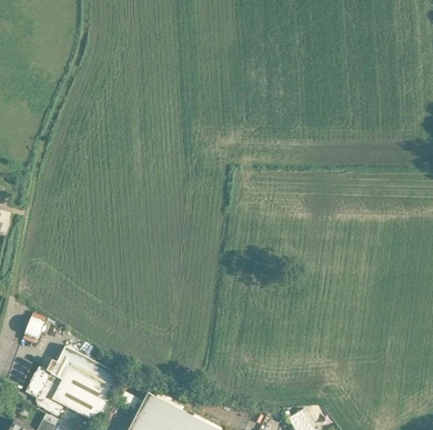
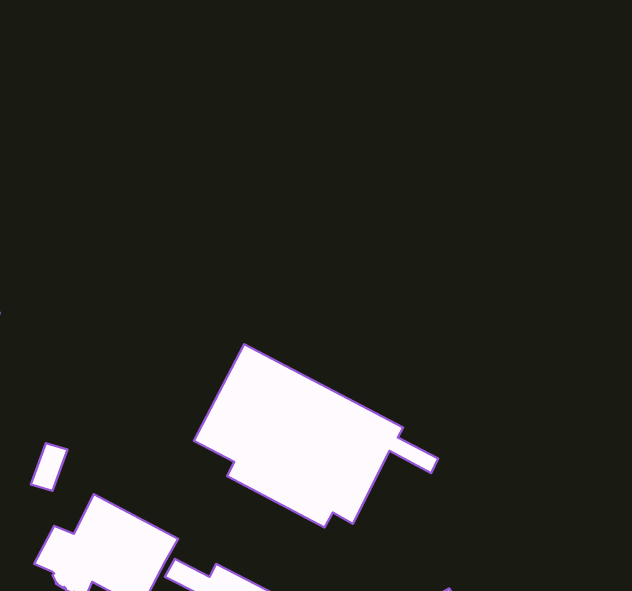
building: none -> [194,344,438,528]

